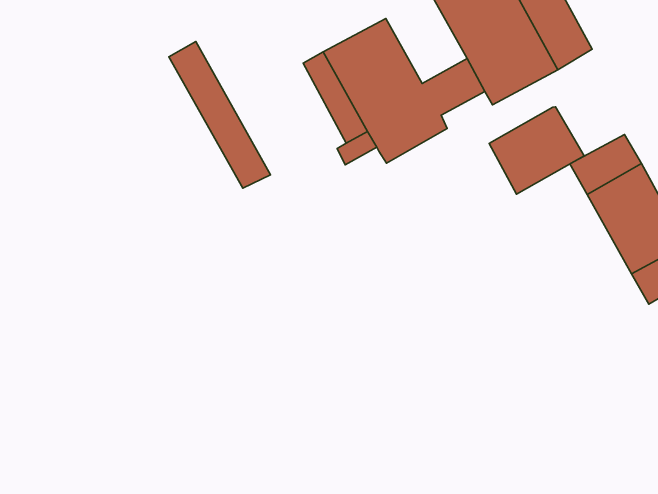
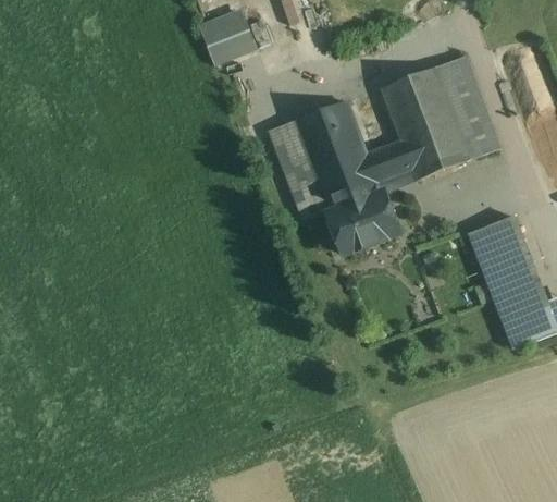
building: [169,42,270,188] -> none
building: [489,107,584,194] -> [327,192,398,254]

